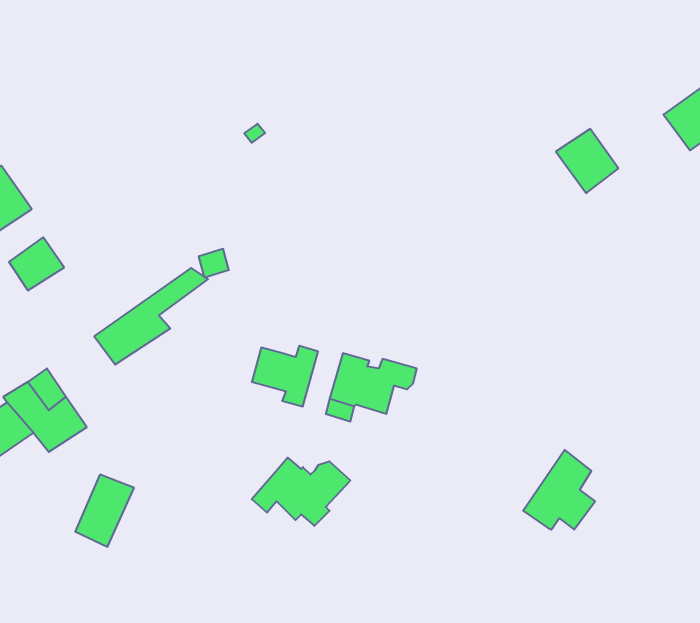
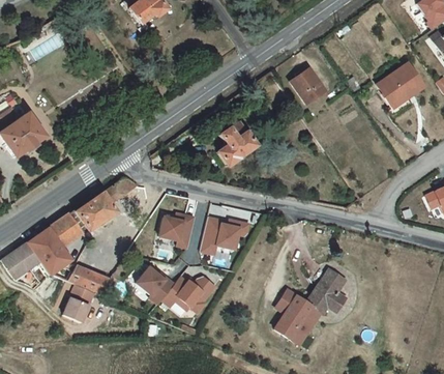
building: [556,129,618,193] -> [293,73,327,108]
building: none -> [215,116,257,161]
building: [9,237,64,290] -> [48,213,78,242]
building: none -> [67,264,106,294]
building: none -> [135,265,173,303]
building: none -> [274,291,321,346]

